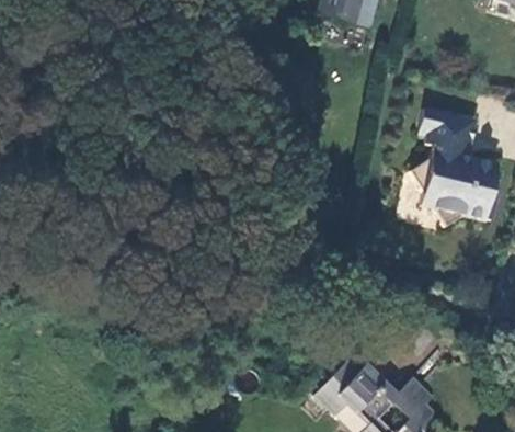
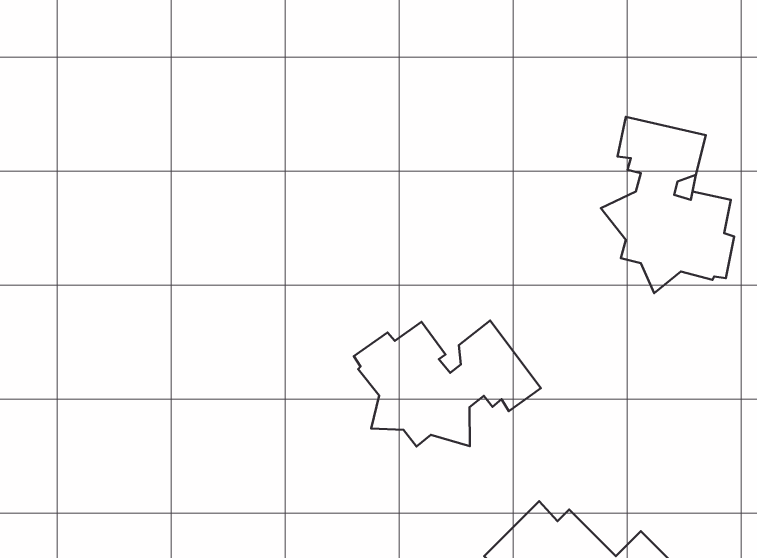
building: none -> [354,321,541,446]

